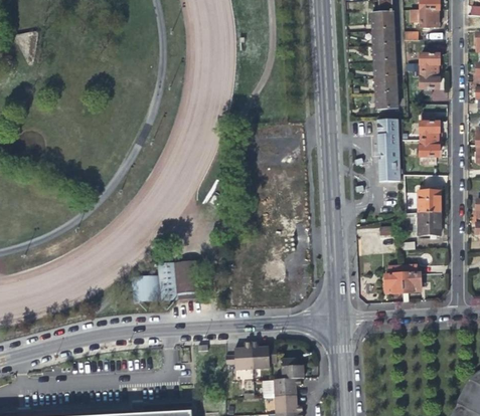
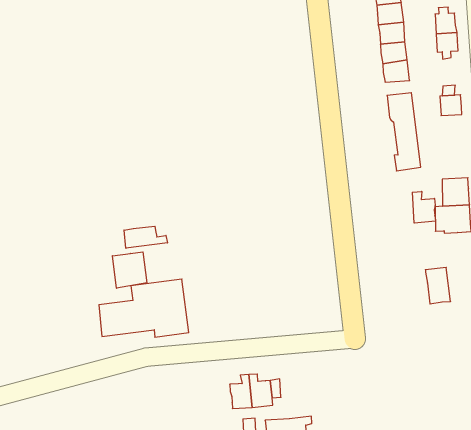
building: [421,139,438,165] -> none
building: none -> [412,191,435,223]
building: none -> [124,226,167,248]
building: none -> [112,252,147,288]
building: [385,266,403,292] -> none
building: [281,359,303,380] -> none

